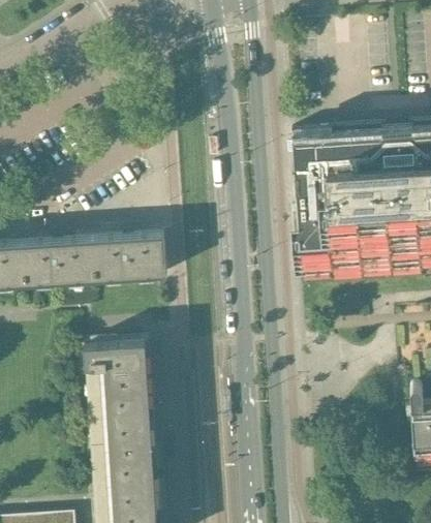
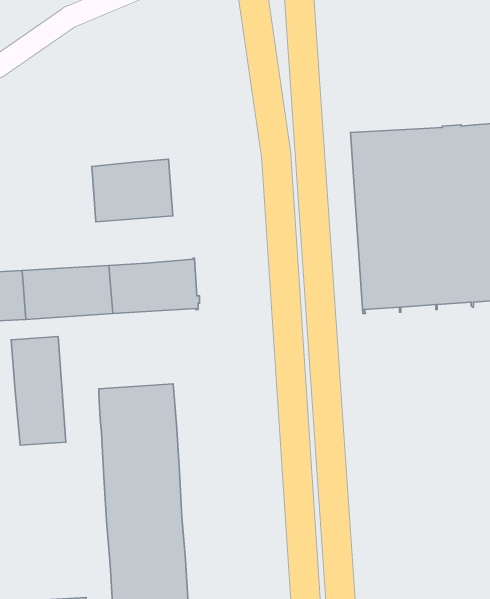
building: none -> [92,159,173,222]
building: none -> [11,337,66,445]

